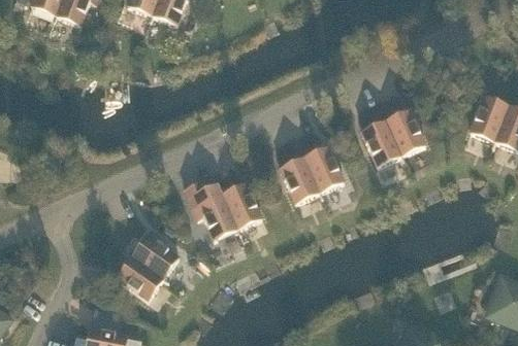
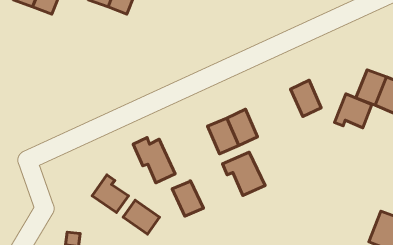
building: [361,118,401,164] -> none
building: none -> [334,94,372,128]
building: [222,181,262,227] -> [172,181,204,216]
building: none -> [222,152,265,195]
building: [117,254,163,298] -> [123,200,159,234]

